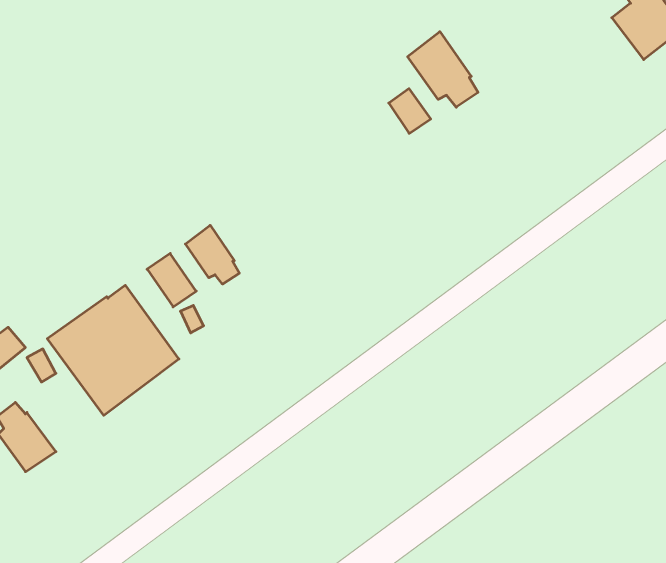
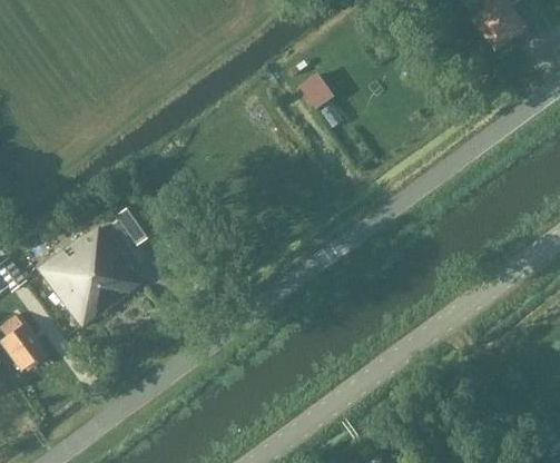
building: [408,32,478,107] -> none
building: [185,225,239,284] -> none

